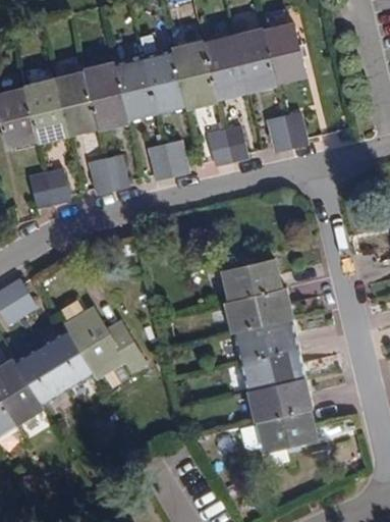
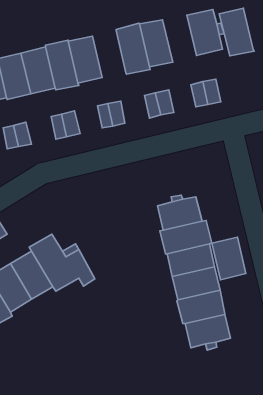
building: [230,33,274,93] -> [219,8,254,56]
building: [143,53,184,112] -> none
building: none -> [212,237,246,280]

